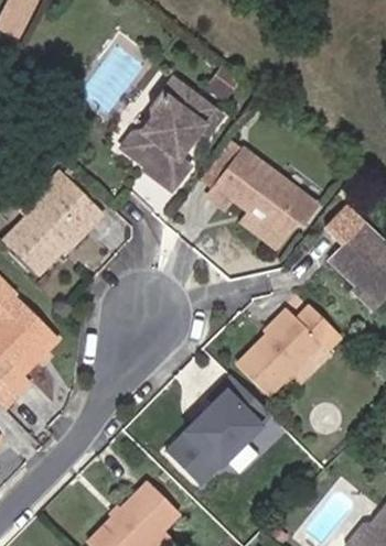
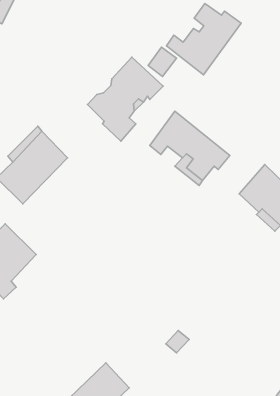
building: none -> [166,3,241,75]
building: [236,307,340,394] -> none
building: [164,383,257,484] -> none

